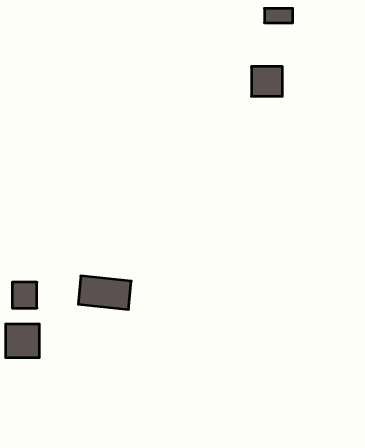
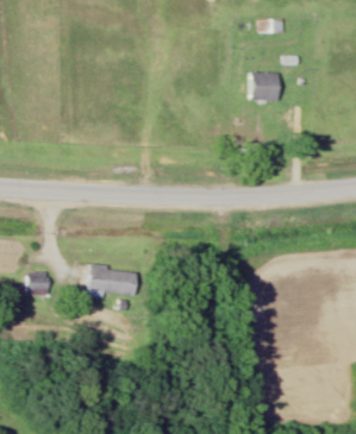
building: [6,324,39,358] -> none

